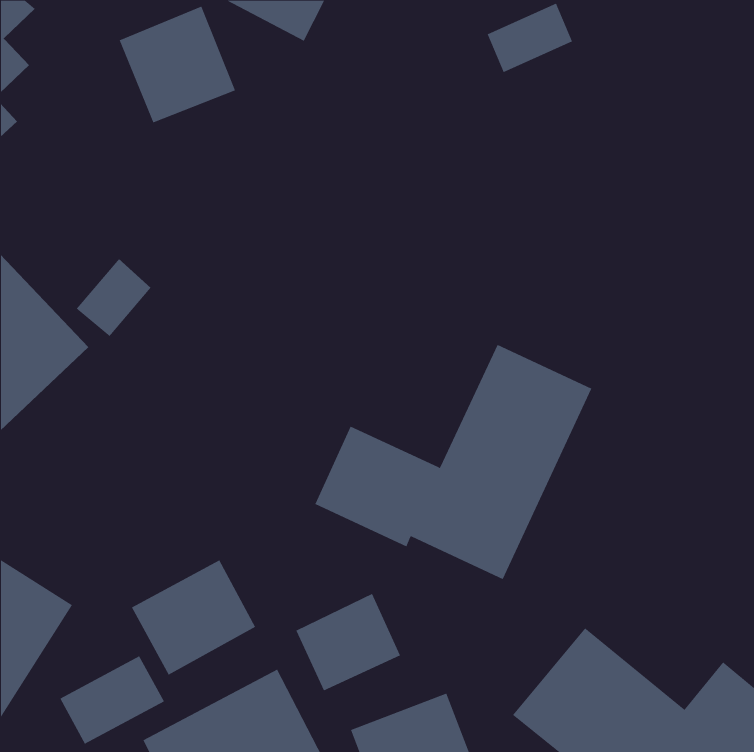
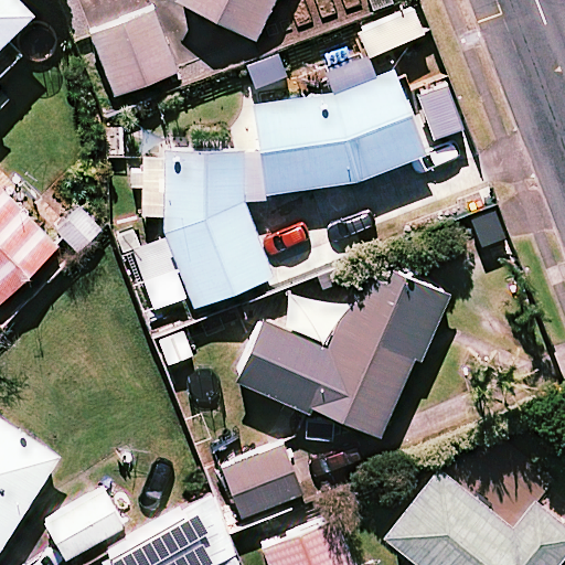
building: none -> [252,78,419,195]
building: none -> [135,142,270,303]
building: [131,560,256,675] -> none

